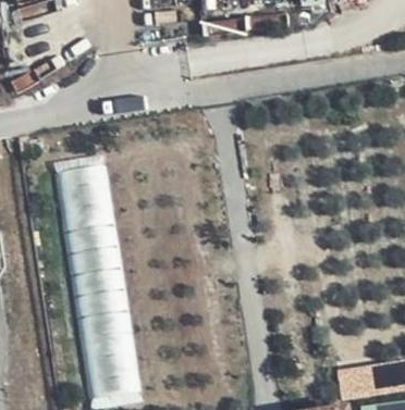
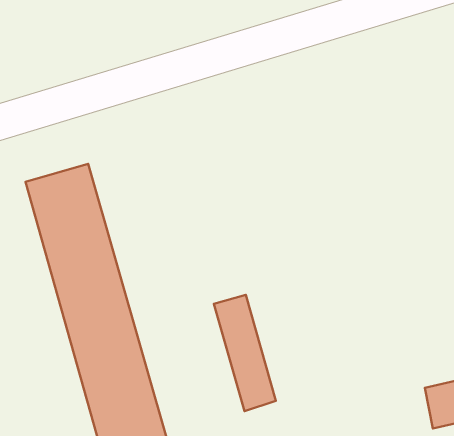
building: none -> [214,295,276,411]

